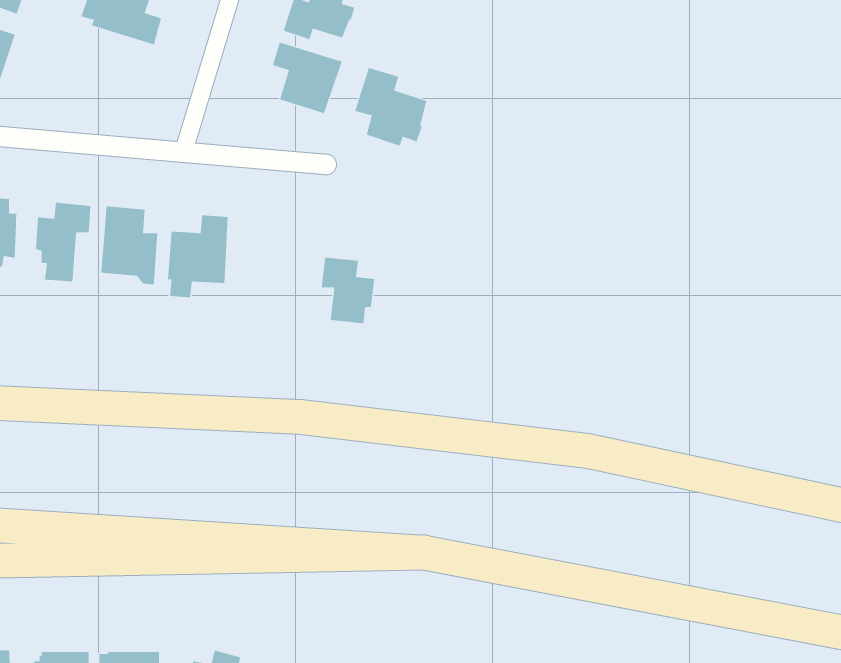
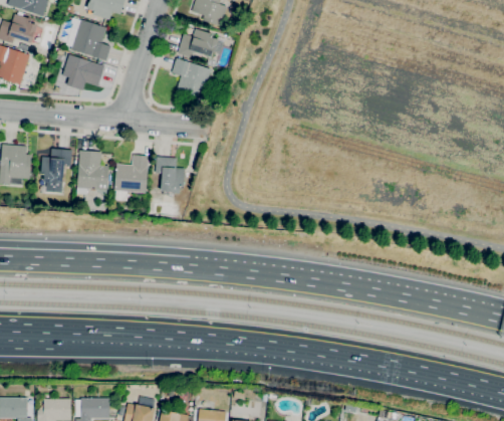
building: none -> [60,54,105,89]
building: [354,67,427,146] -> none
building: [321,257,375,324] -> [156,156,186,193]

